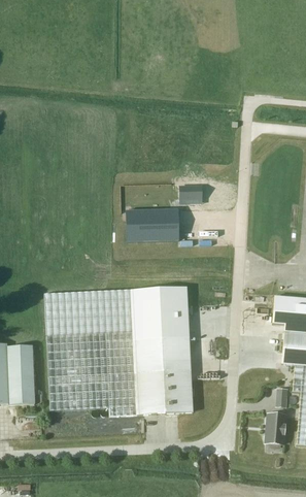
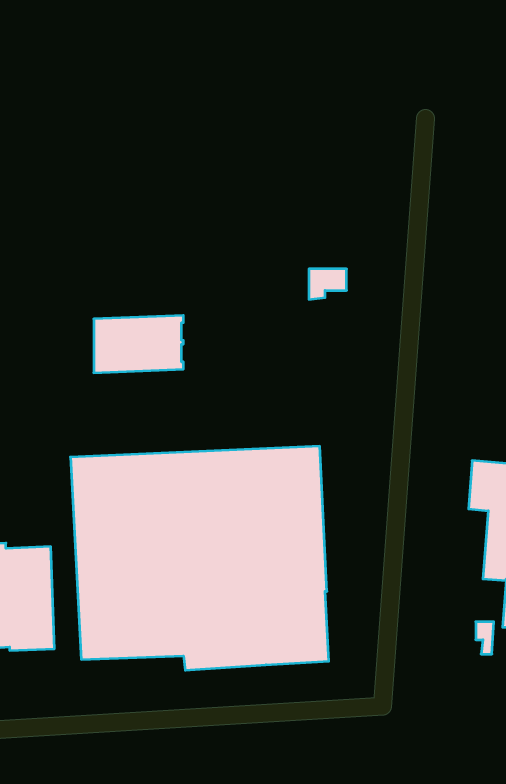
building: [126,209,177,242] -> [94,315,183,373]
building: [265,415,282,443] -> none

